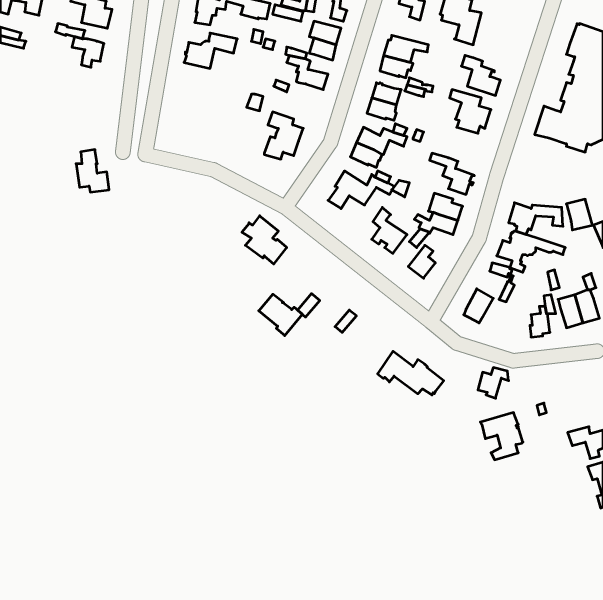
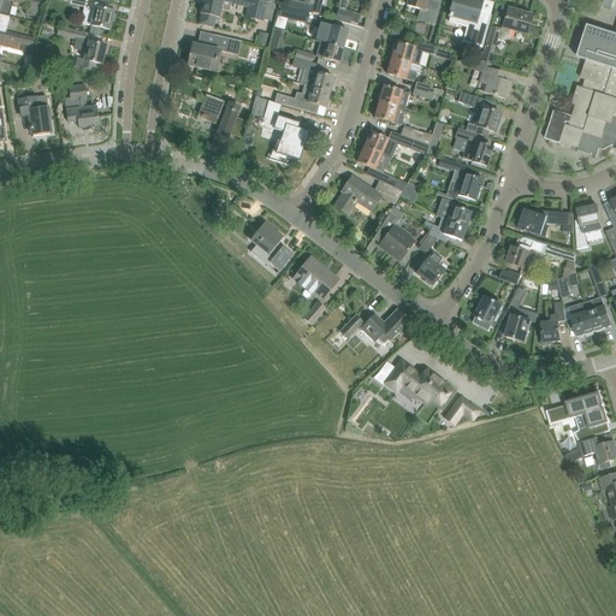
building: none -> [486,7,540,48]
building: none -> [283,84,330,112]
building: none -> [197,93,239,137]
building: none -> [18,95,51,132]
building: none -> [455,128,493,165]
building: [76,150,109,192] -> [65,83,99,126]
building: [259,294,302,336] -> [295,257,339,300]
building: none -> [365,308,411,345]
building: [478,368,509,398] -> [507,309,538,340]
building: [480,413,523,460] -> [565,391,609,439]

